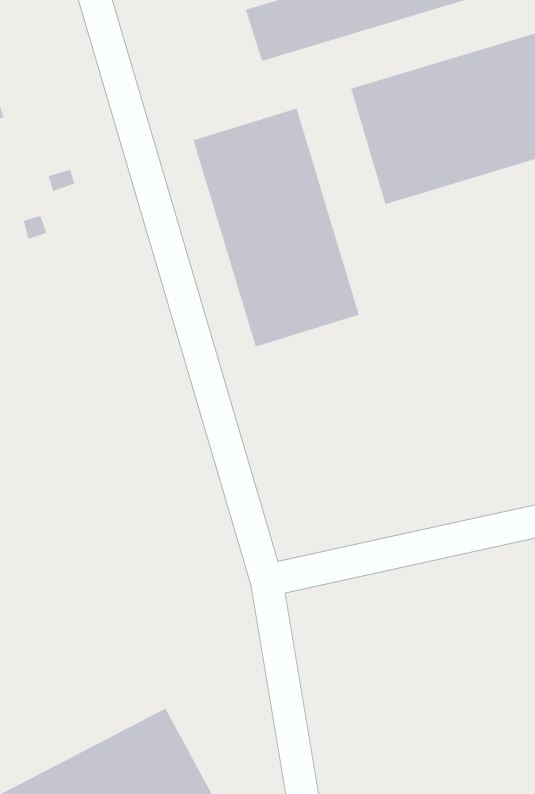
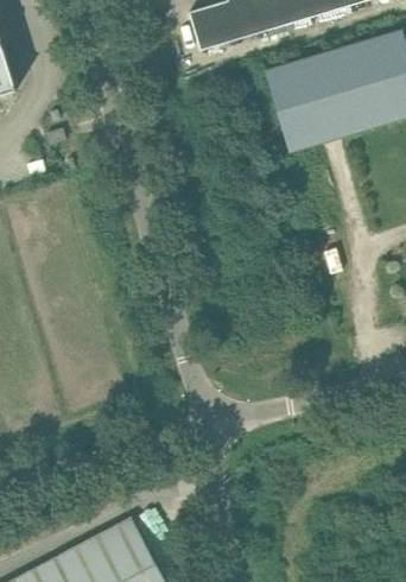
building: [193,107,360,347] -> none

